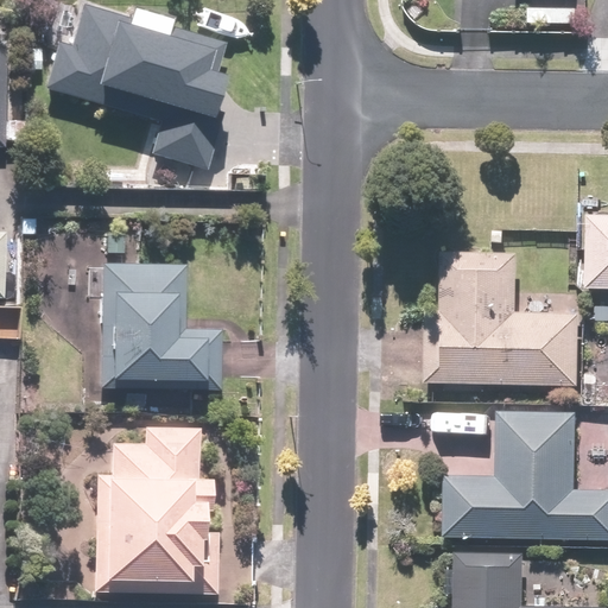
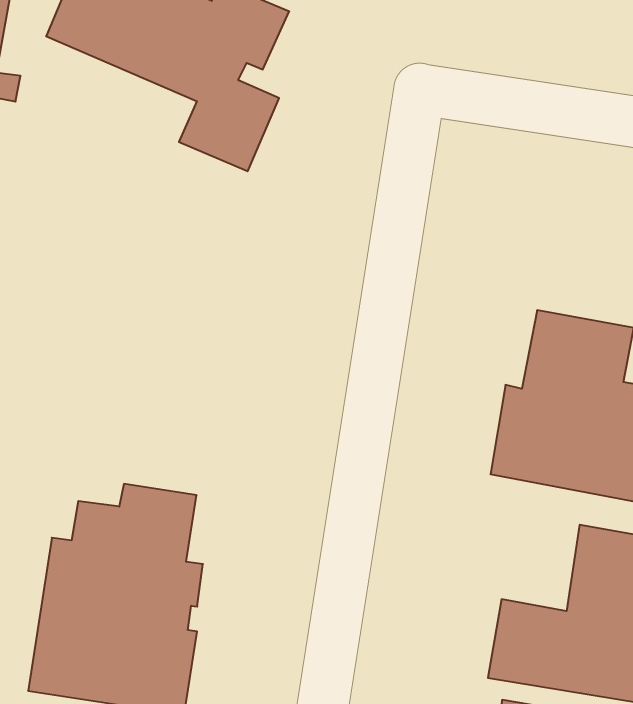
building: [100,265,220,386] -> none

